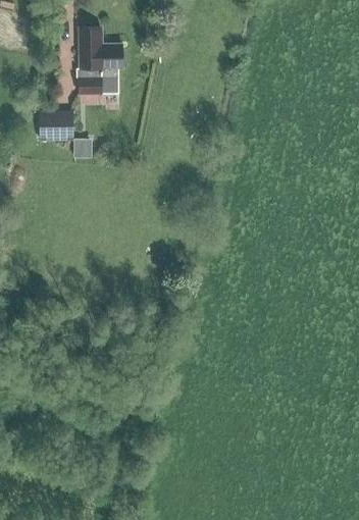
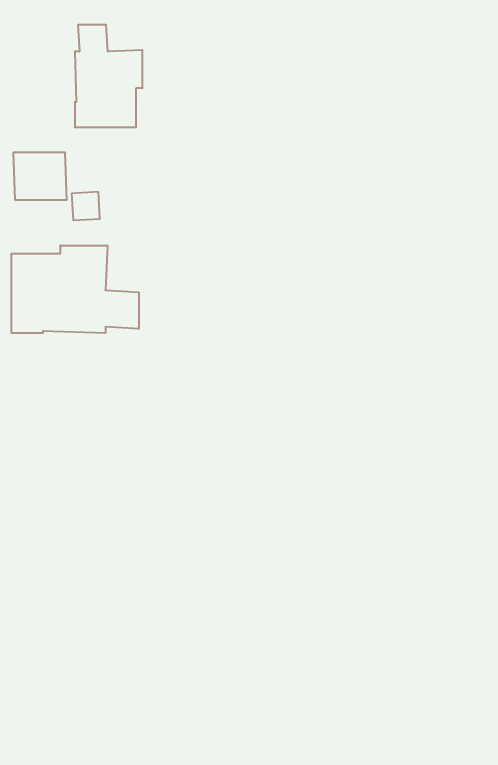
building: none -> [11,245,139,333]

